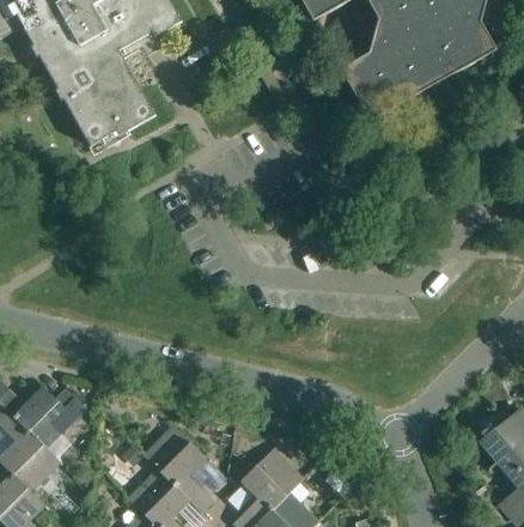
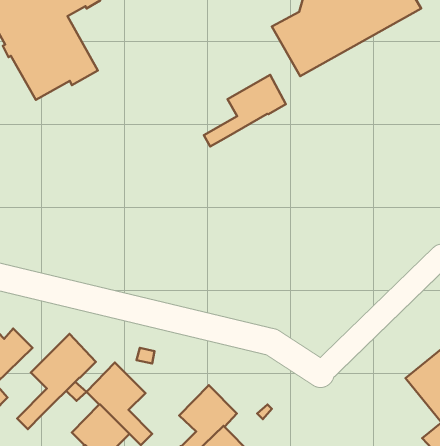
building: none -> [204,75,286,146]
building: none -> [17,334,96,429]

